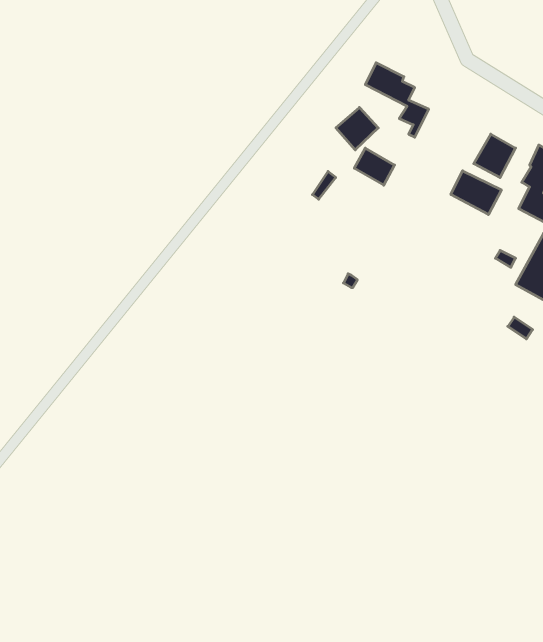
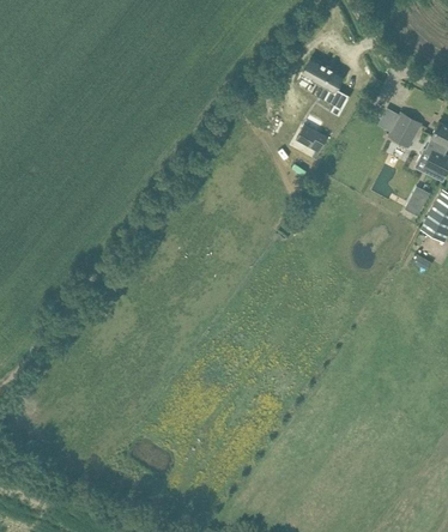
building: [336,107,378,150] -> none
building: [451,171,501,215] -> none

